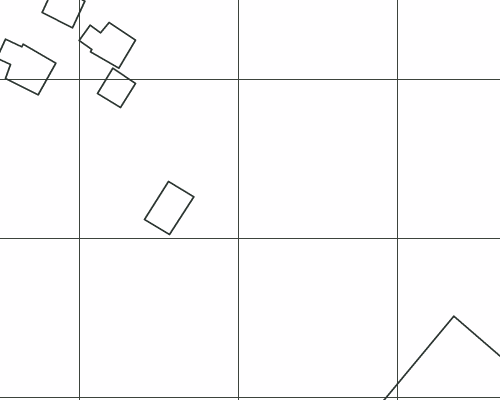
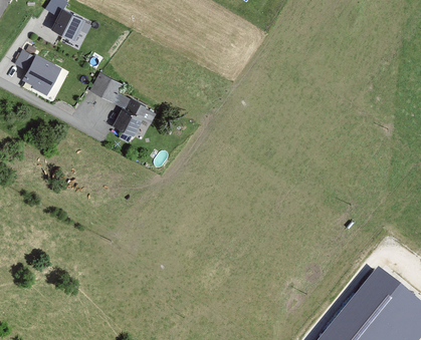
building: [79,23,135,68] -> none
building: [144,182,194,235] -> [118,99,157,141]

